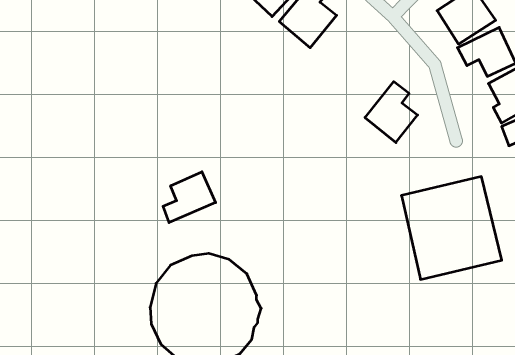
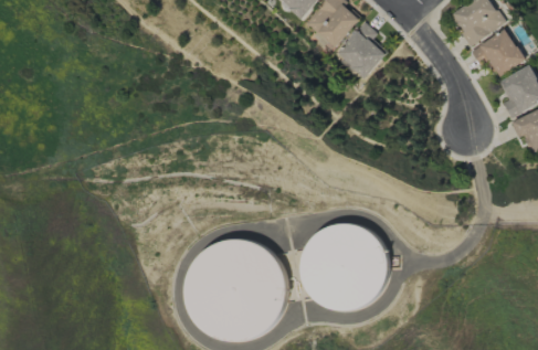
building: [365,82,418,143] -> [336,21,384,77]
building: [163,172,216,223] -> none
building: [401,177,502,279] -> [299,219,392,314]

